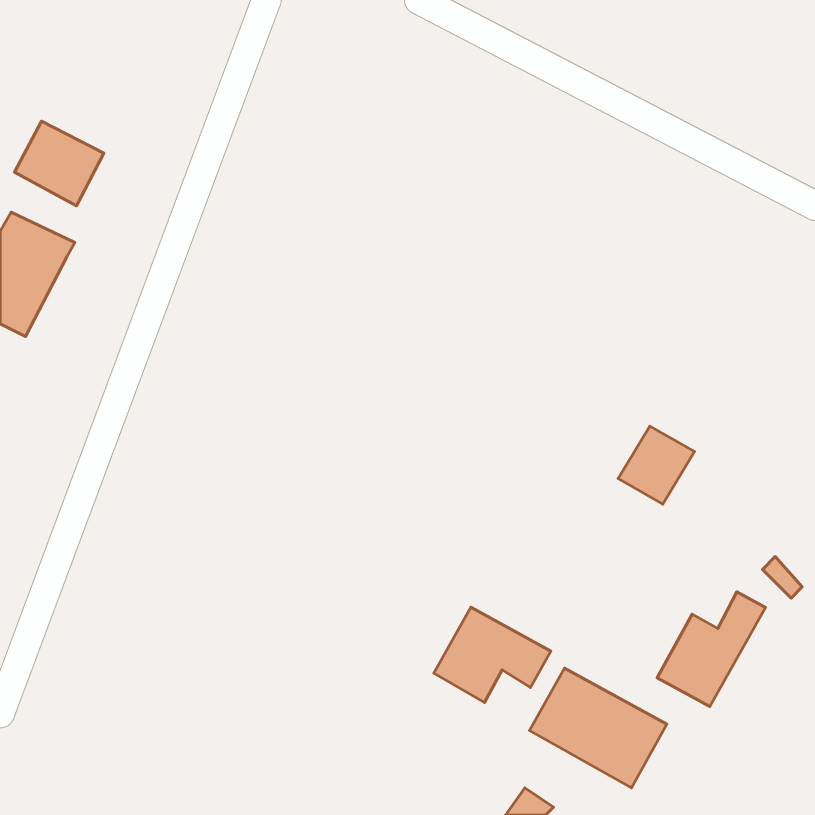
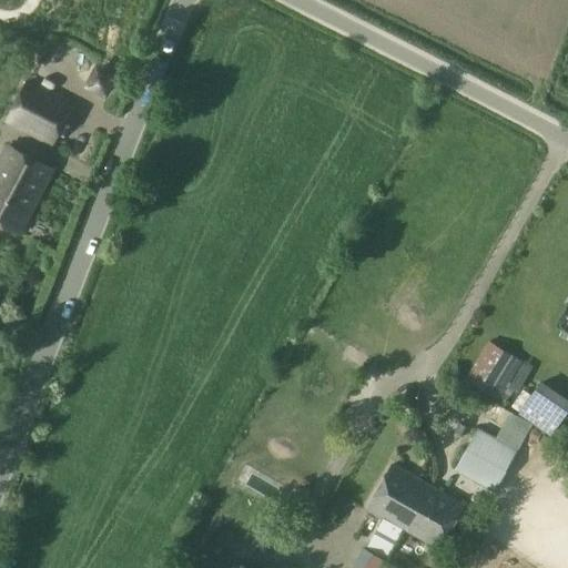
building: [618,426,695,504] -> [467,343,520,397]
building: [434,607,551,702] -> none

